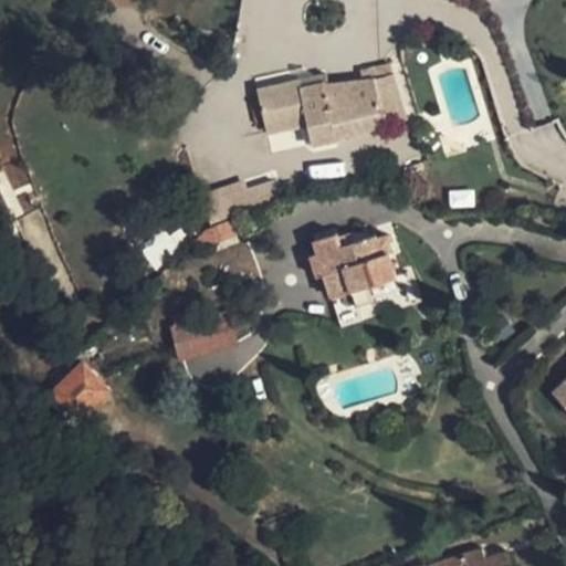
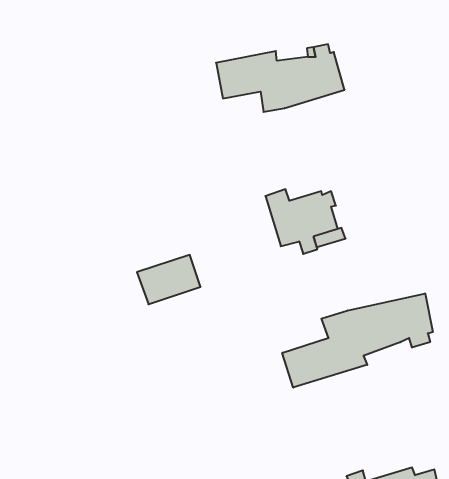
building: none -> [282,293,433,388]
building: [49,366,106,422] -> none

